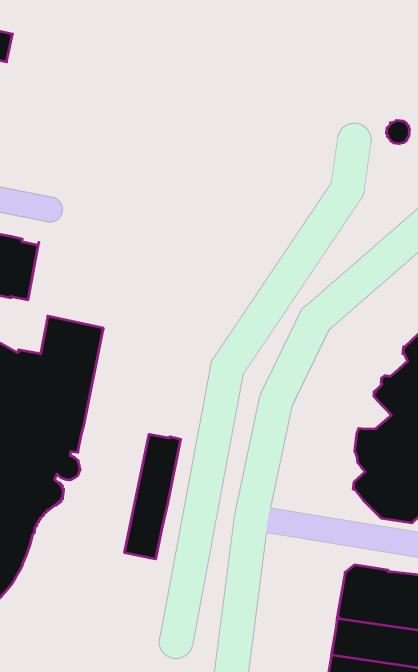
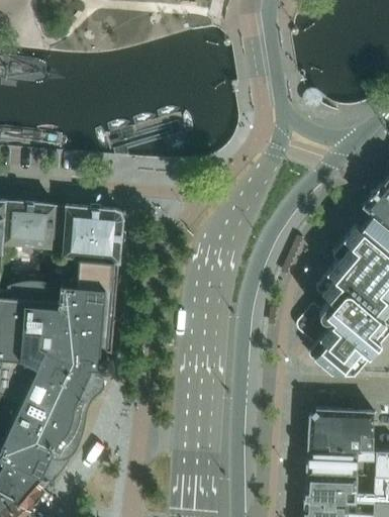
building: none -> [63,206,122,262]
building: [125,434,181,559] -> none

